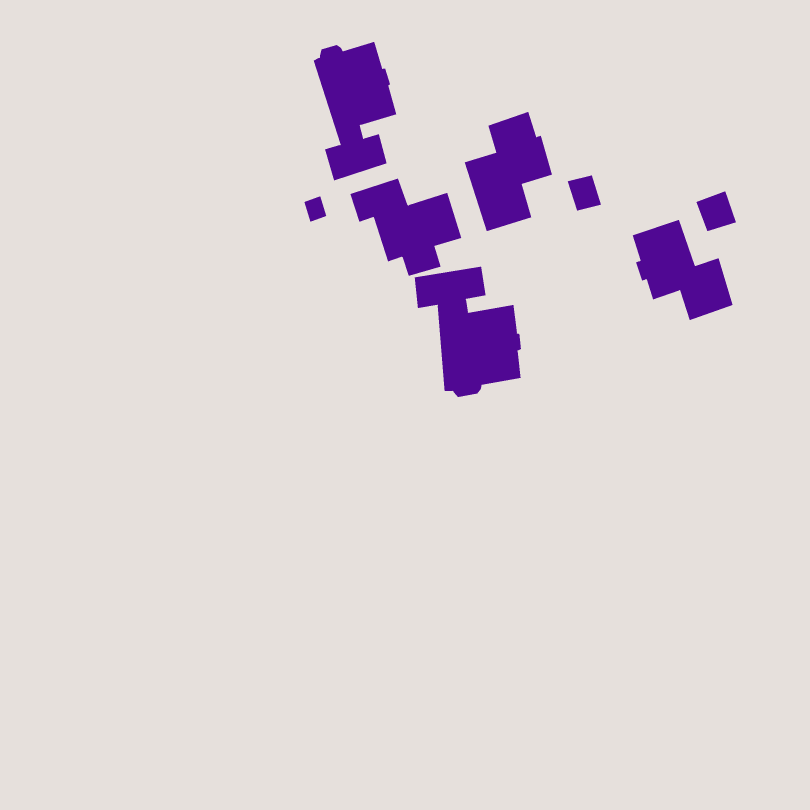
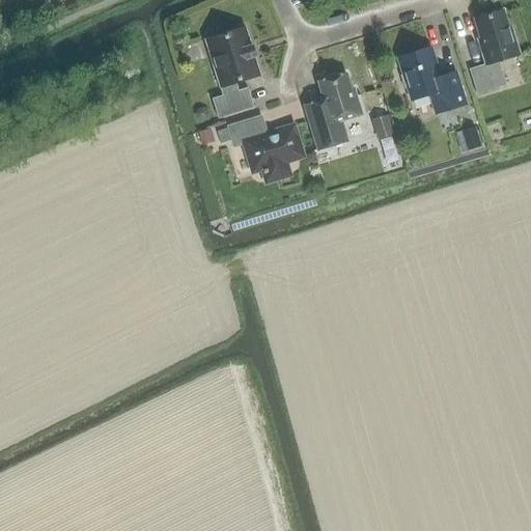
building: none -> [470,9,520,93]
building: [632,219,734,321] -> [399,47,466,113]
building: [414,266,522,398] -> none

